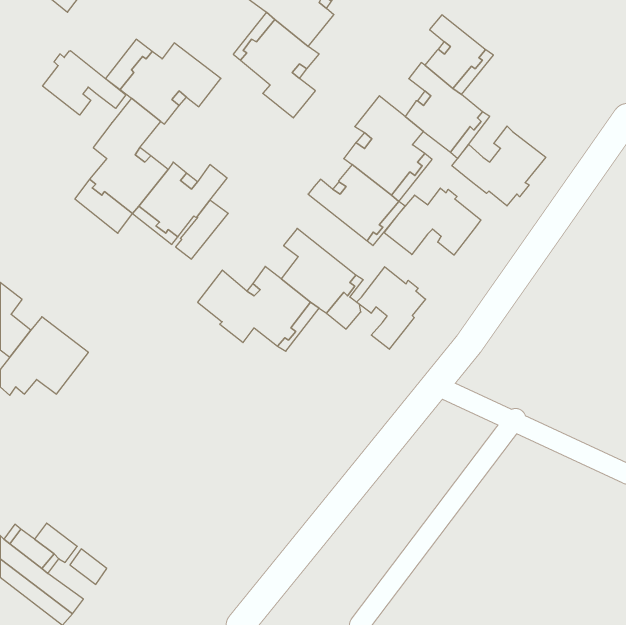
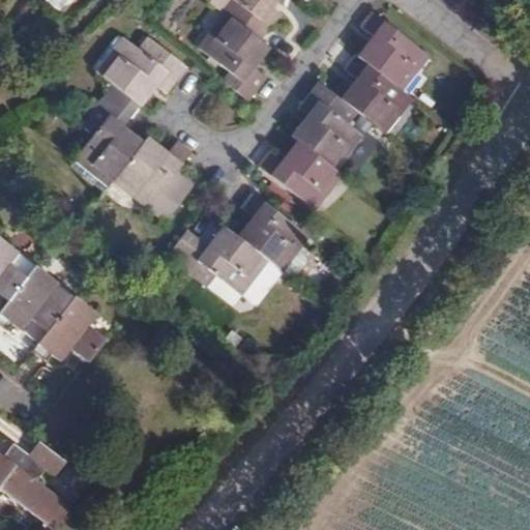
building: [43,51,126,115] -> none
building: [452,126,546,206] -> none
building: [384,188,481,255] -> none
building: [357,267,426,349] -> none
building: none -> [33,296,106,365]

